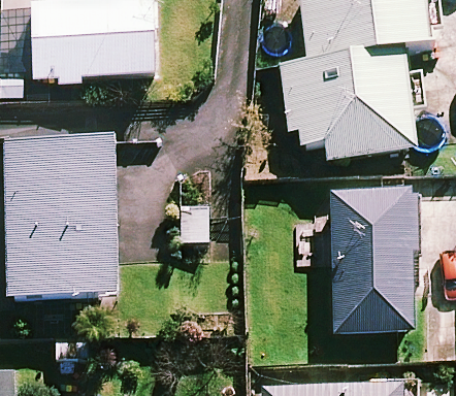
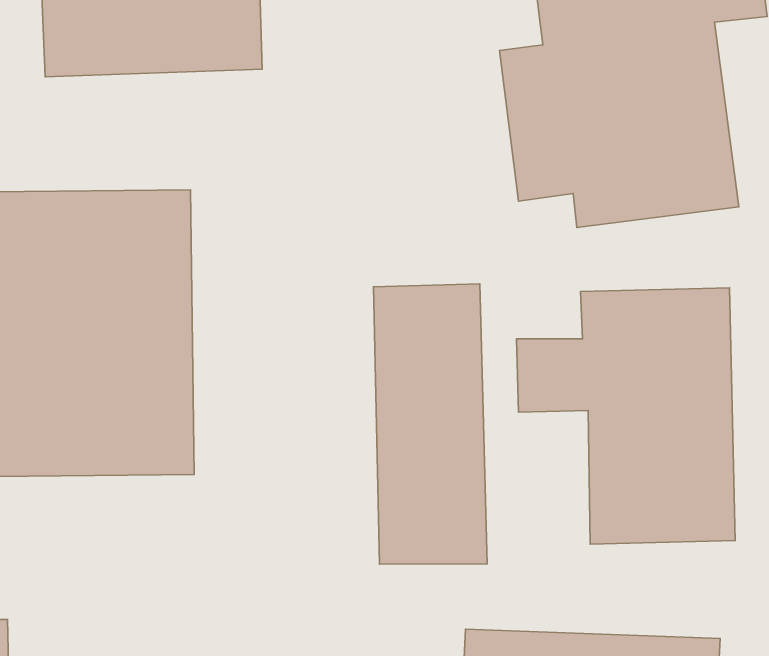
building: none -> [374,284,487,564]

